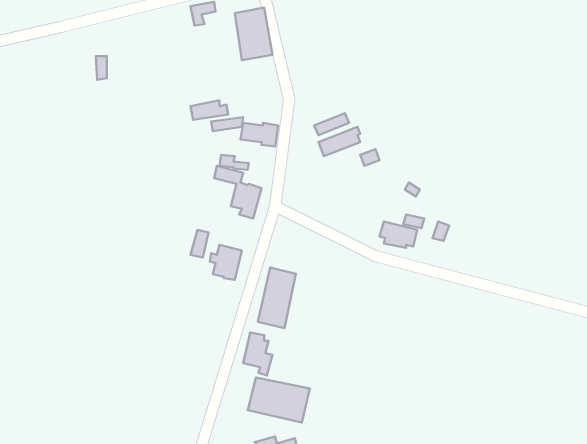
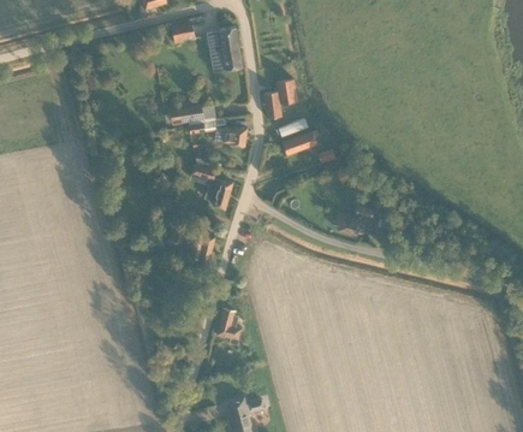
building: none -> [263,79,297,118]
building: [258,268,296,328] -> none
building: [248,378,310,422] -> none

